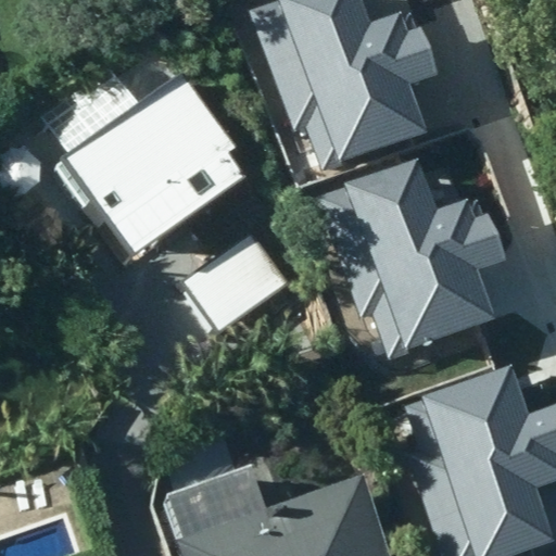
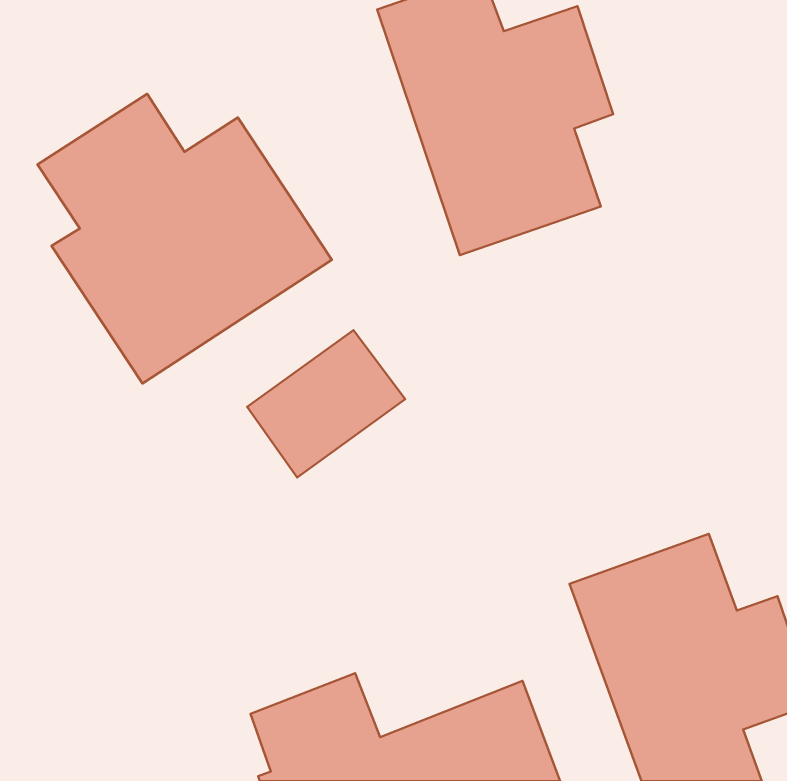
building: [338,165,502,359] -> none

